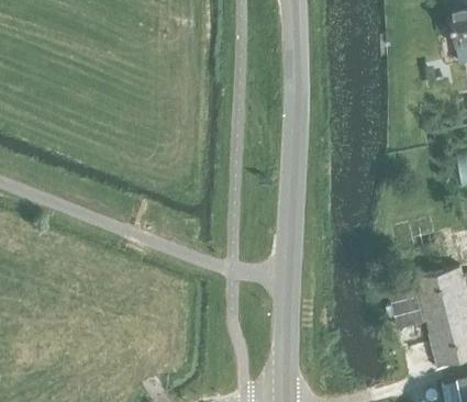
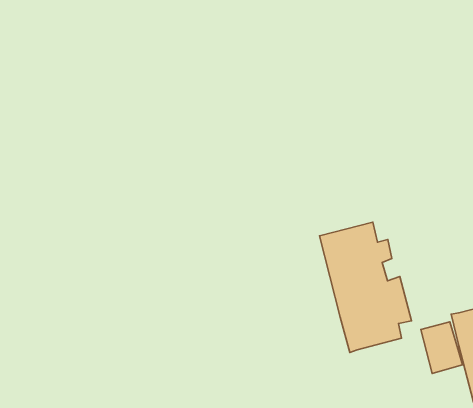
building: none -> [319,222,411,352]

